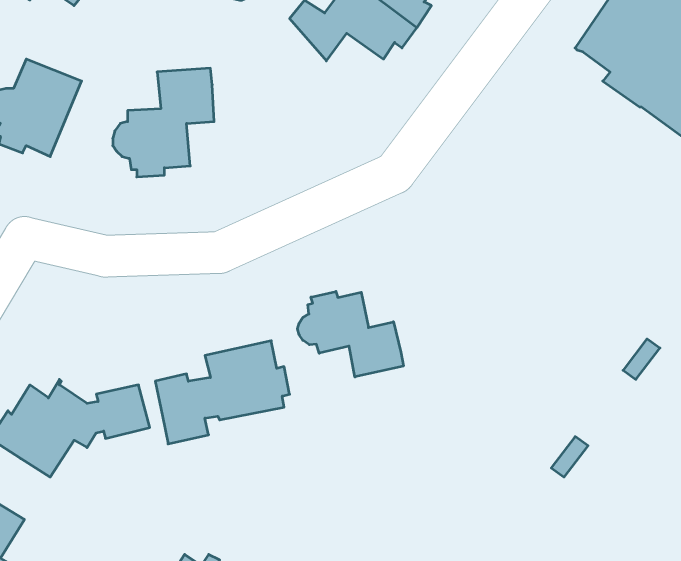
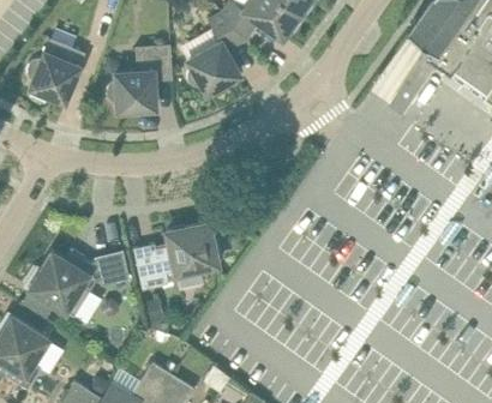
building: none -> [186,13,245,97]
building: [297,291,403,377] -> none

